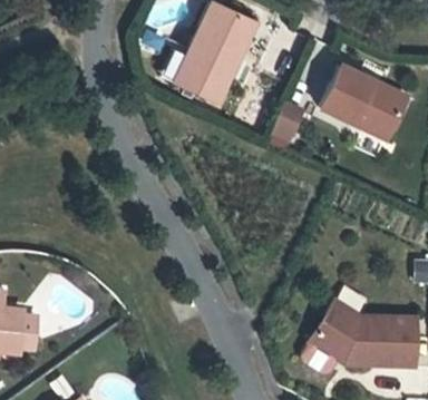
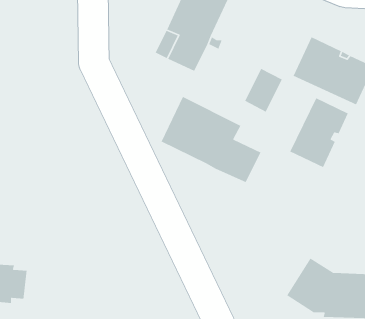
building: none -> [161,96,261,183]
building: none -> [289,97,349,168]

